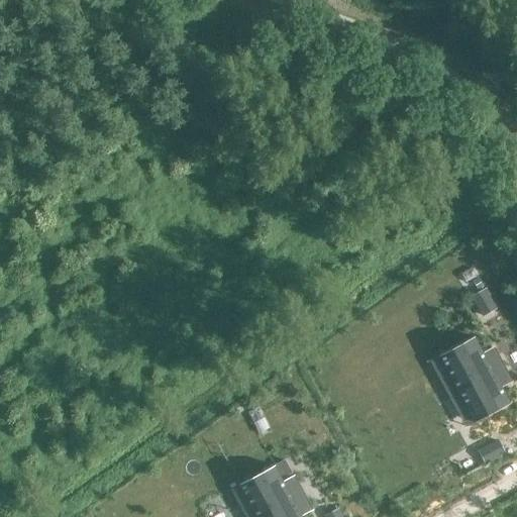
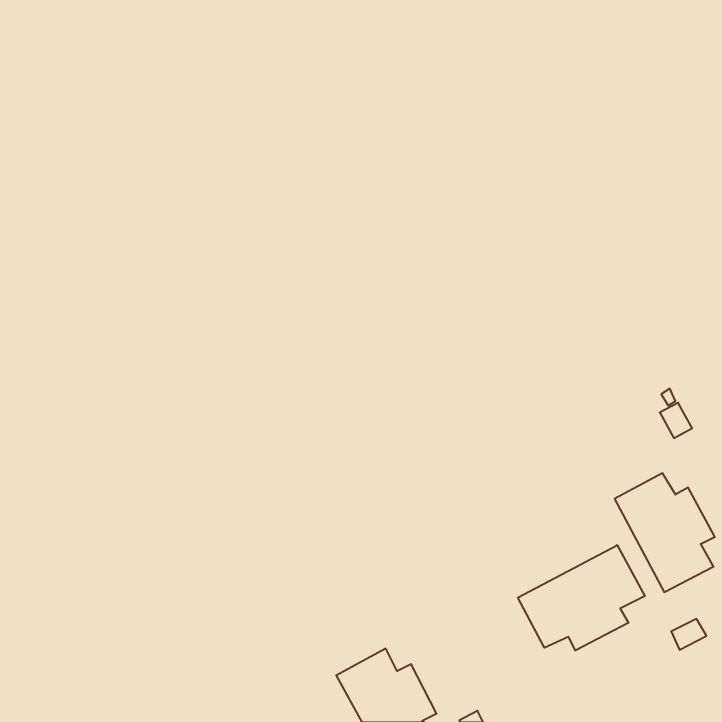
building: none -> [518,545,645,650]

